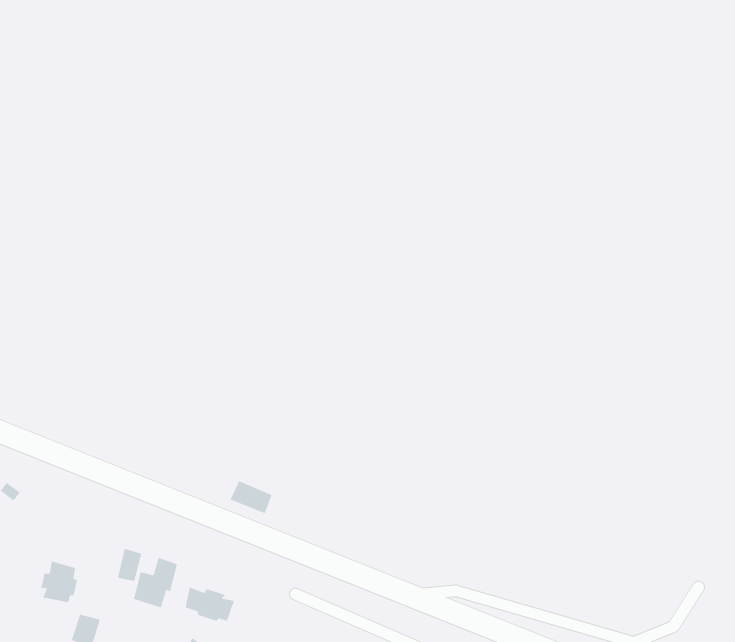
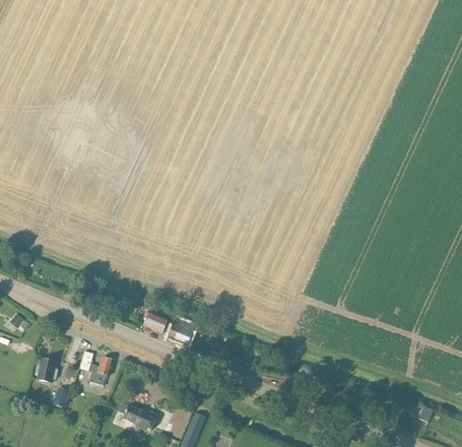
building: none -> [168,317,194,343]
building: [185,587,235,622] -> none

